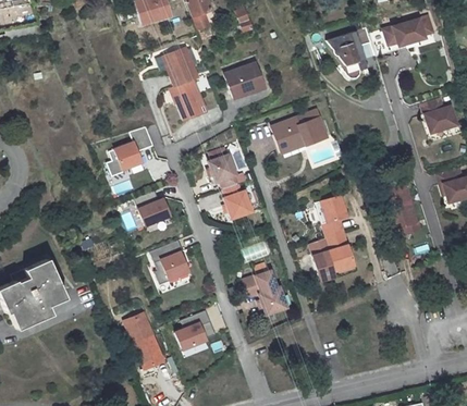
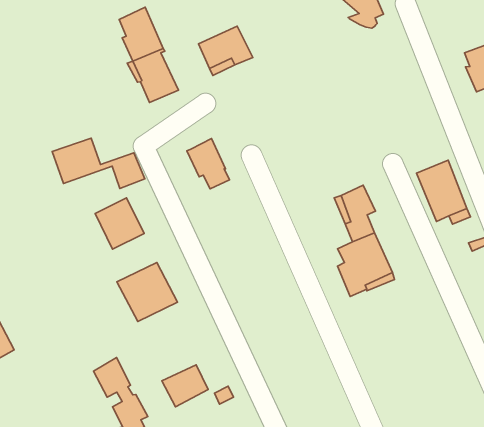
building: [274,118,330,147] -> none
building: [223,183,253,218] -> none
building: [243,269,288,313] -> none

